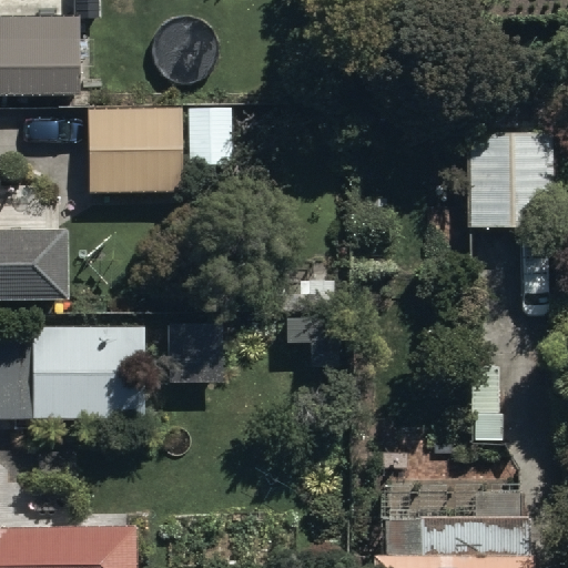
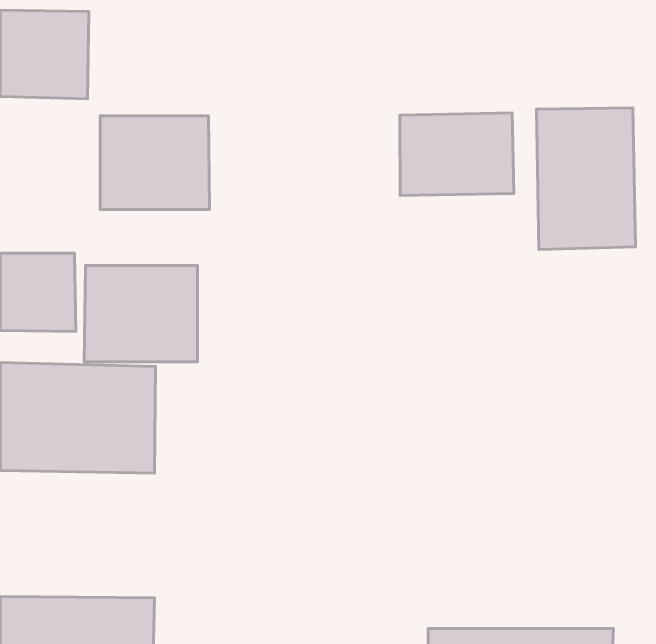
building: none -> [400,113,514,196]
building: none -> [84,266,198,362]

